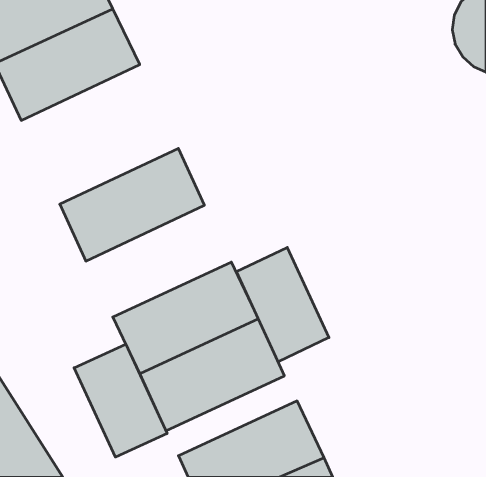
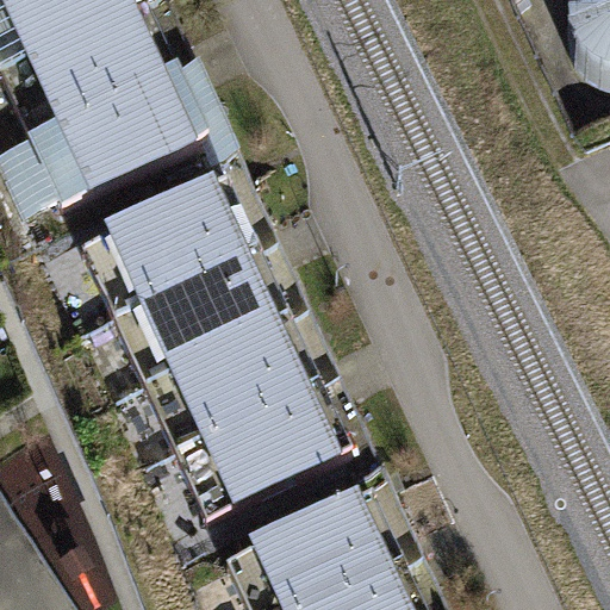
building: none -> [26,80,205,219]
building: none -> [106,254,286,392]
building: [236,247,329,362] -> none
building: [74,344,167,457] -> none

